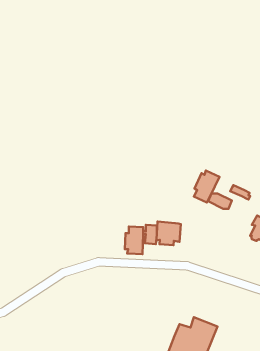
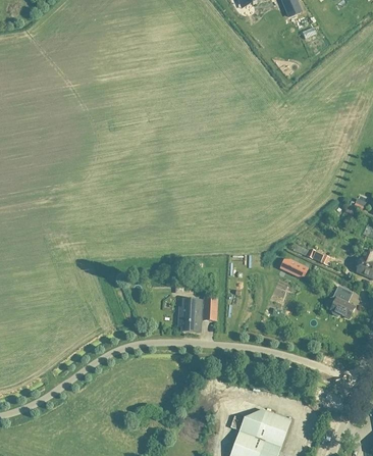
building: [194,171,220,202] -> none
building: [156,222,181,245] -> none

